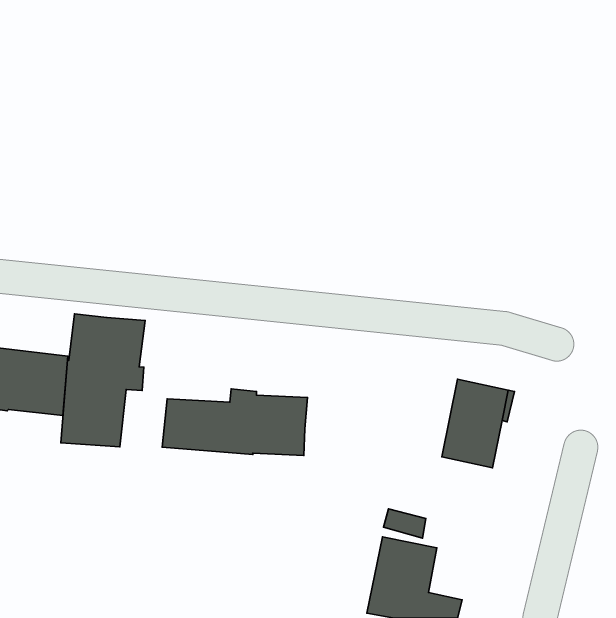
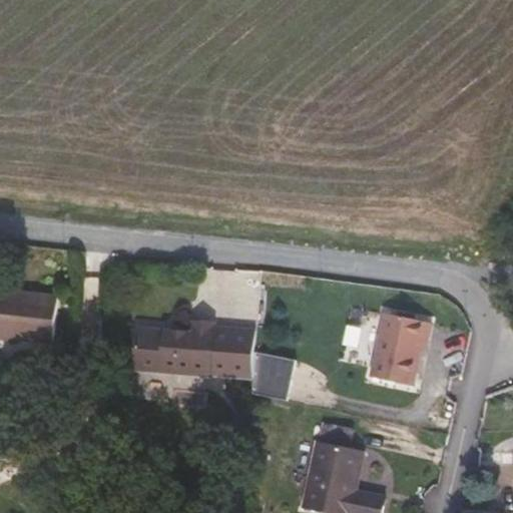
building: [61,314,145,447] -> none
building: none -> [250,355,294,404]

